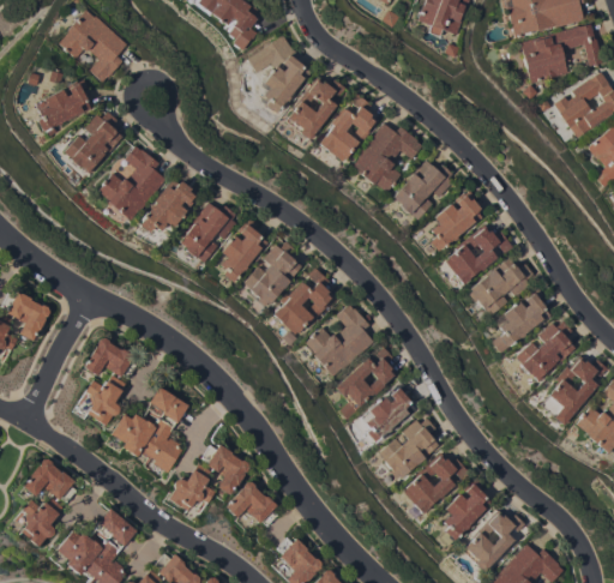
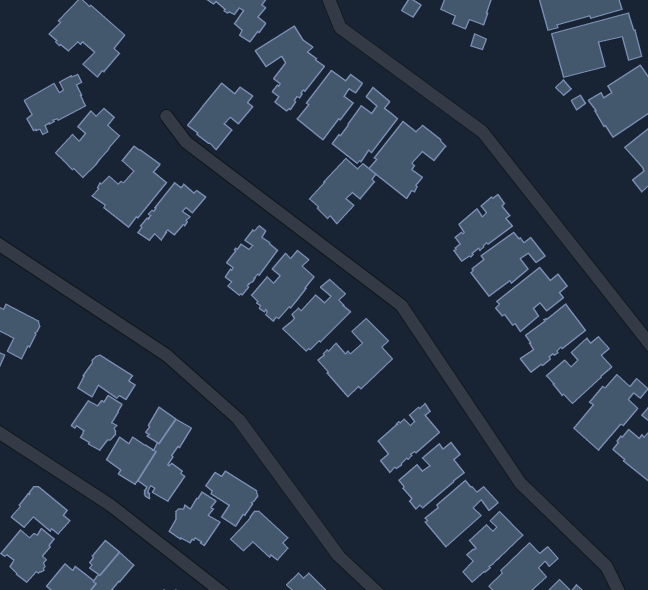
building: [393,160,455,220] -> [309,158,376,224]
building: [177,202,237,263] -> [188,83,253,150]
building: [335,347,398,419] -> none

